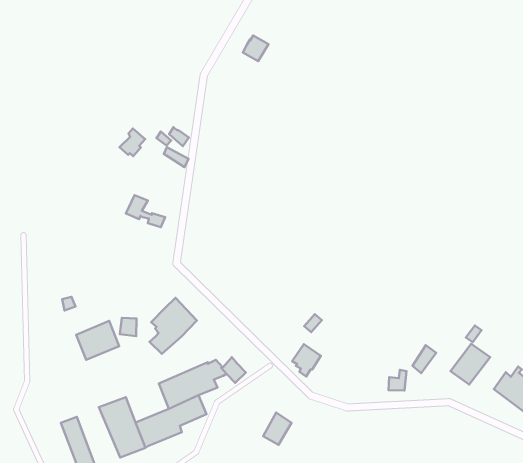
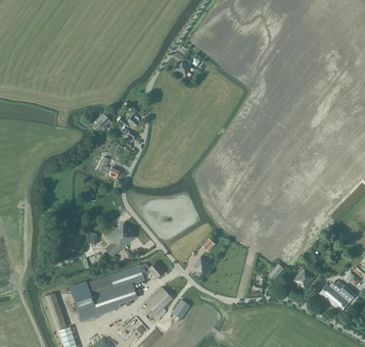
building: [76,321,119,360] -> [87,276,113,299]
building: none -> [144,287,172,315]

